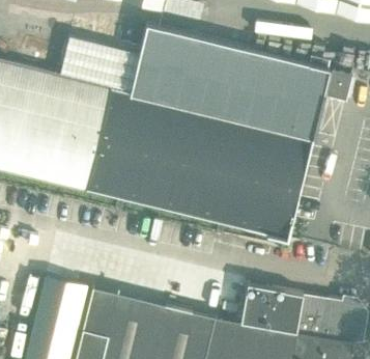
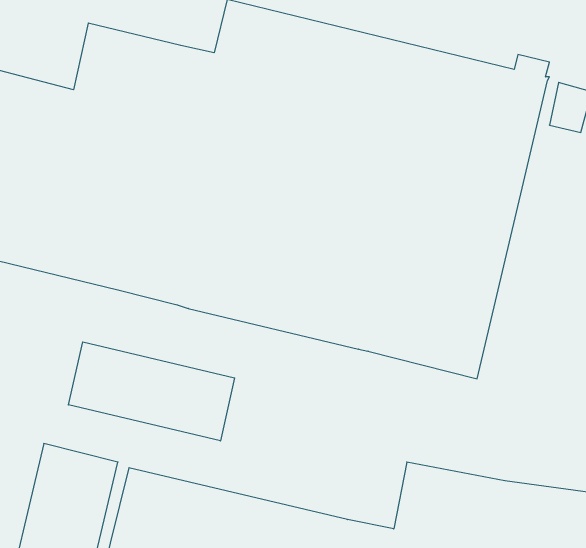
building: none -> [68,342,235,441]

